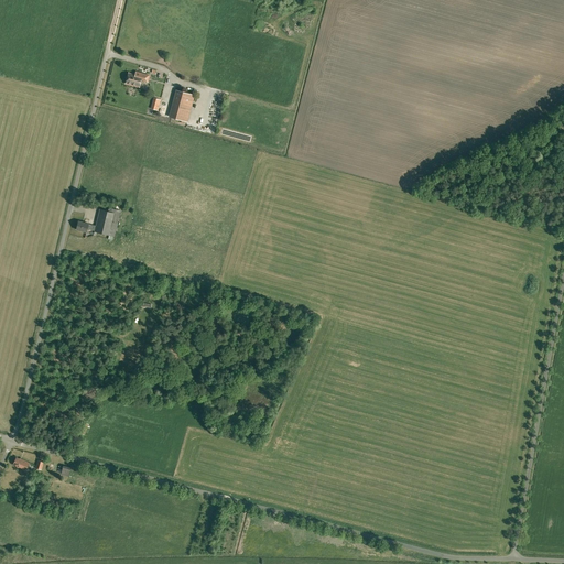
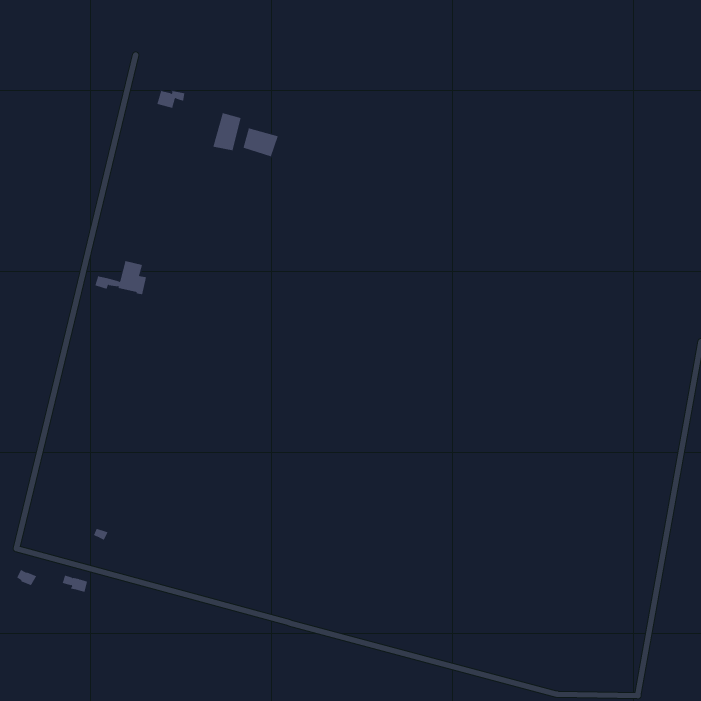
building: none -> [243,127,278,157]

